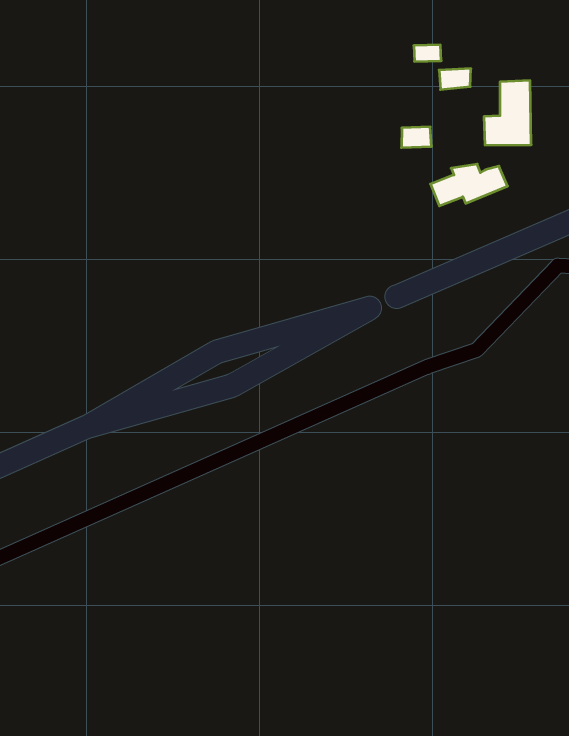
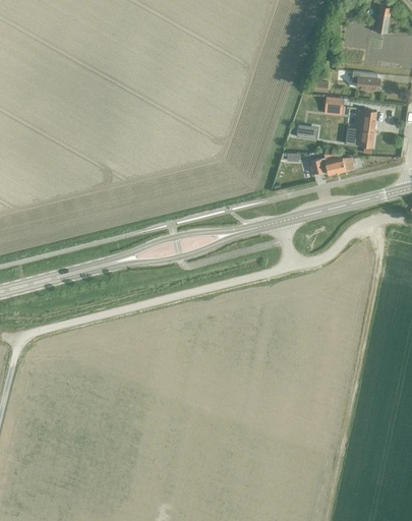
building: none -> [351,71,380,90]

